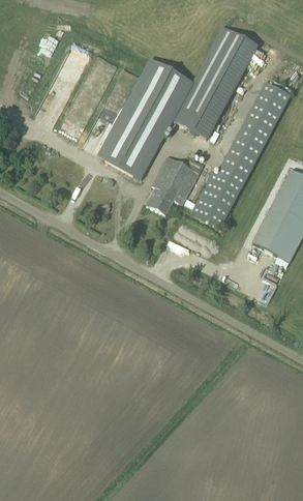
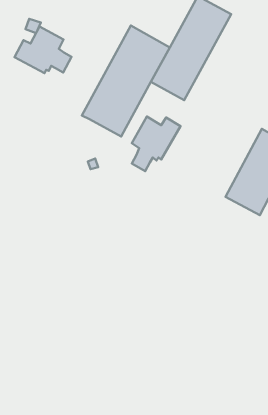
building: none -> [15,27,71,73]
building: [194,81,289,223] -> none

